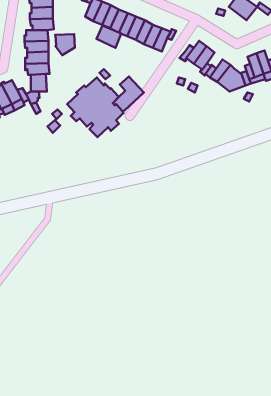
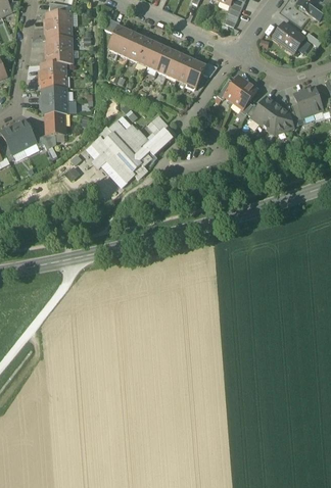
building: [97,25,121,48] -> none
building: [55,34,75,55] -> none

